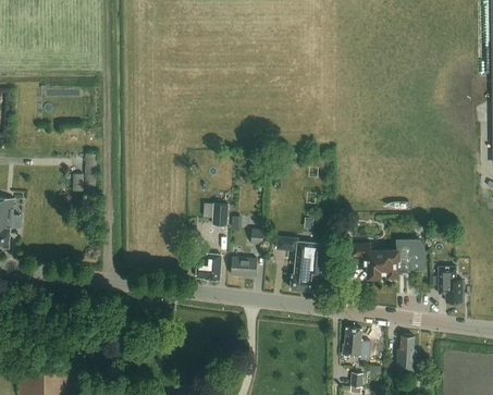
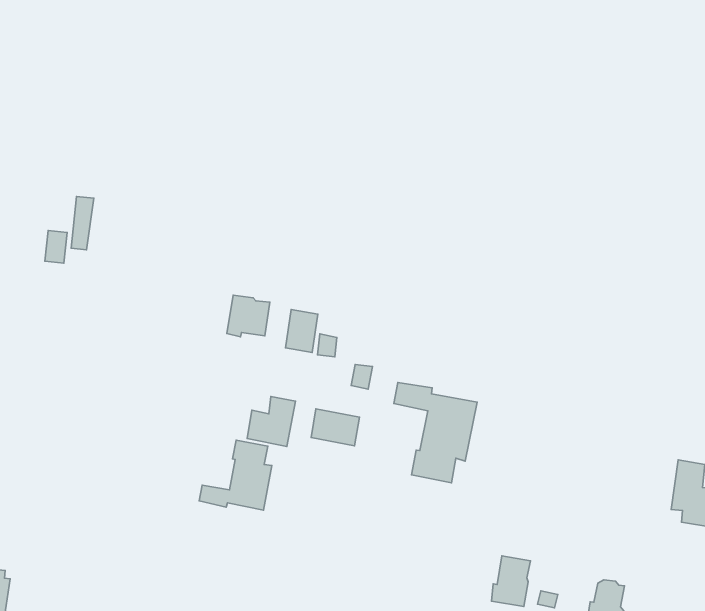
building: none -> [227,295,270,337]
building: [352,238,423,281] -> none
building: none -> [199,440,272,510]

